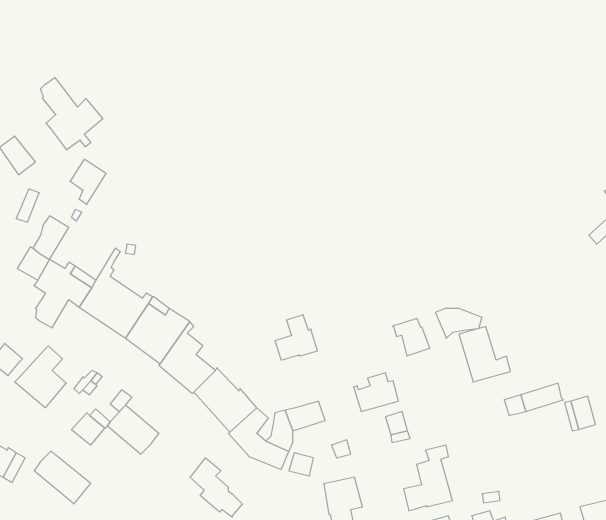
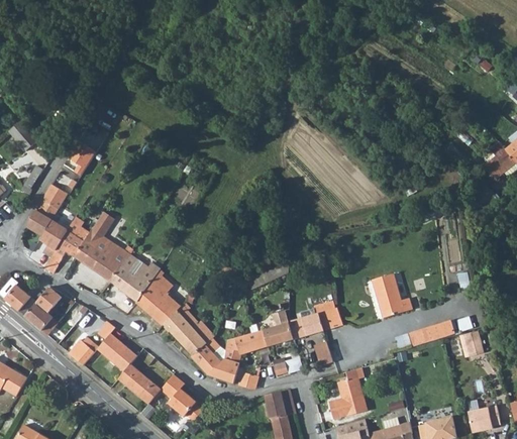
building: [40,77,103,150] -> none
building: [435,308,482,338] -> none
building: [275,315,317,360] -> [262,310,295,345]
building: [393,318,430,356] -> [313,301,342,330]
building: [34,451,91,504] -> [117,363,162,405]

